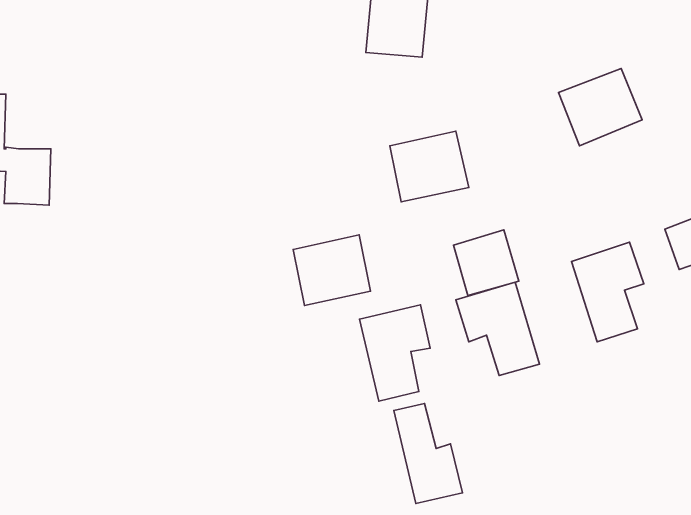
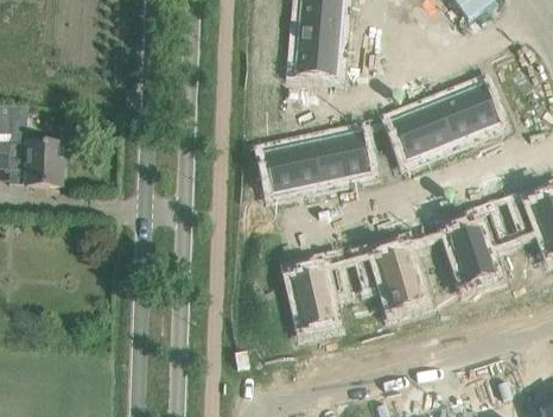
building: none -> [390,102,452,160]
building: [453,230,519,296] -> none
building: [293,235,370,306] -> [263,141,320,194]
building: [394,404,462,504] -> none

